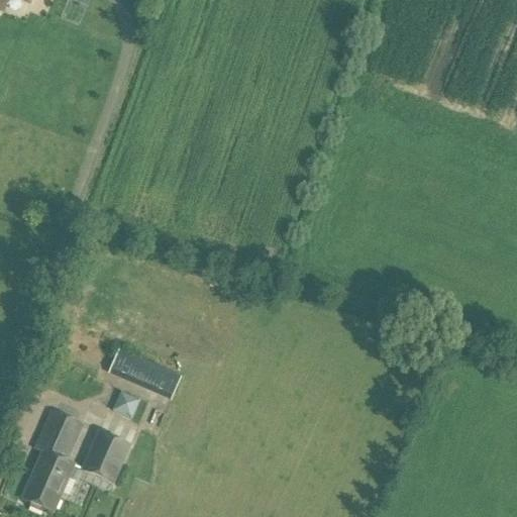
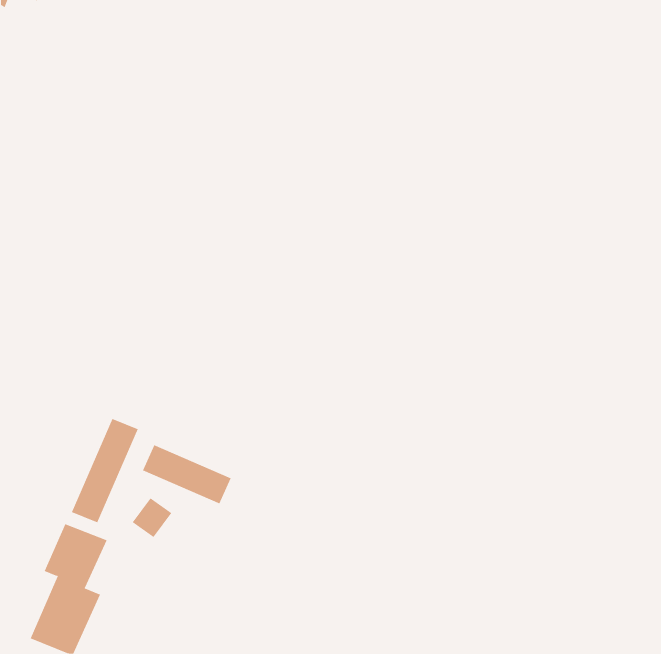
building: none -> [71,418,138,523]
building: [85,429,131,480] -> none

